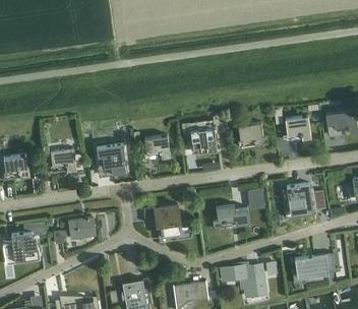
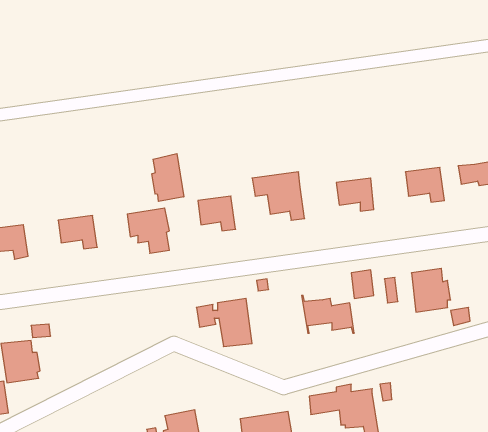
building: none -> [152,154,184,201]
building: [54,218,96,245] -> none
building: [292,253,336,285] -> none

